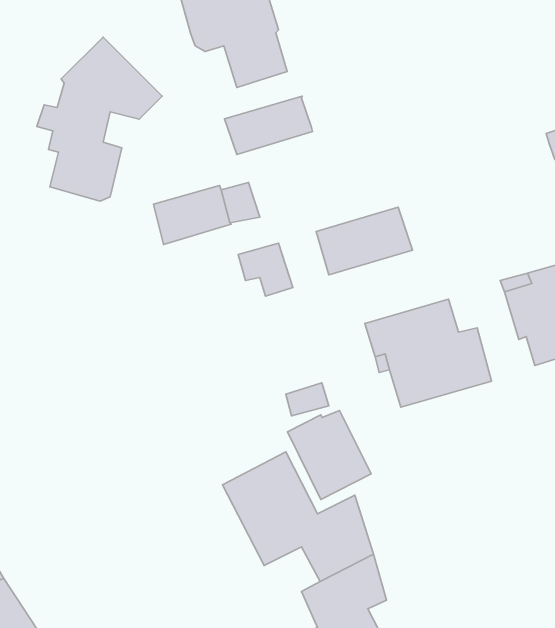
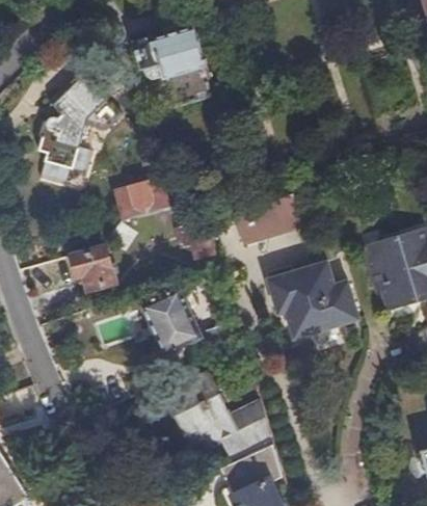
building: [224,96,312,154] -> none
building: none -> [71,246,114,289]
building: [288,410,371,500] -> [140,290,201,354]

